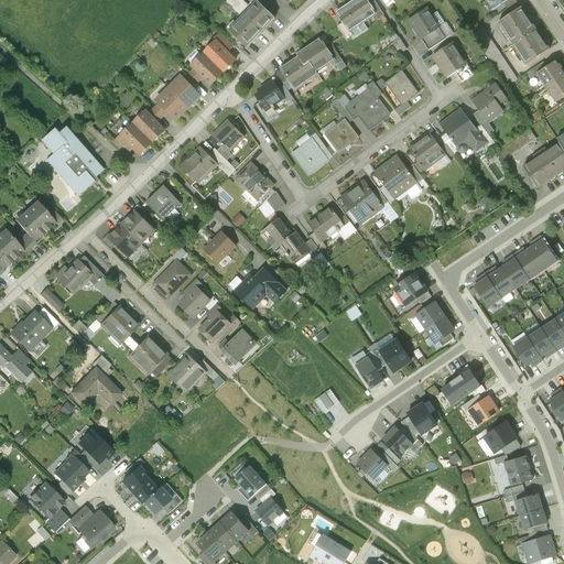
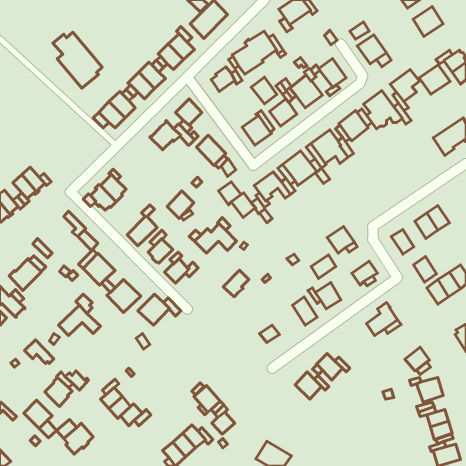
building: [409,9,438,39] -> none
building: [511,29,549,64] -> [419,65,450,94]
building: none -> [251,77,277,104]
building: [42,127,101,194] -> [53,32,102,88]
building: [145,185,178,219] -> none
building: [528,238,556,269] -> none
building: [57,260,91,293] -> none
building: [486,267,513,297] -> [414,257,436,282]
building: [415,301,445,329] -> [311,255,336,278]
building: [221,330,252,362] -> [223,270,249,297]
building: [468,397,499,425] -> none
building: [406,399,438,433] -> none
building: [77,430,112,458] -> [25,340,54,363]

